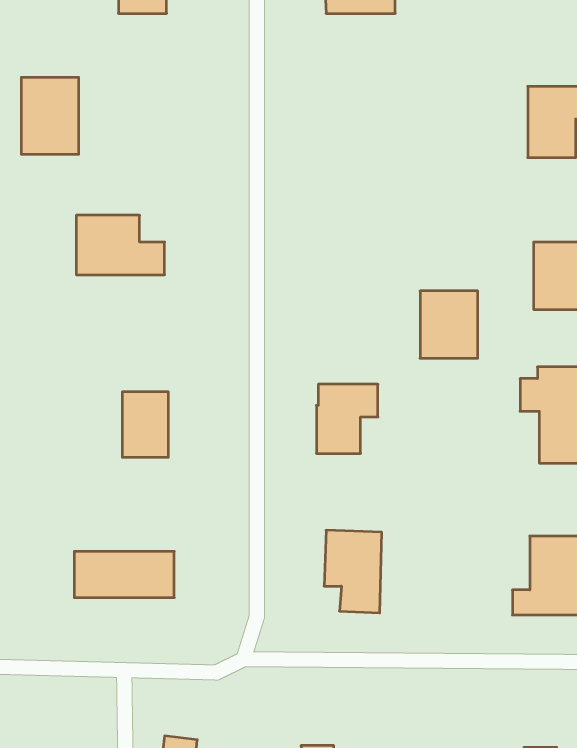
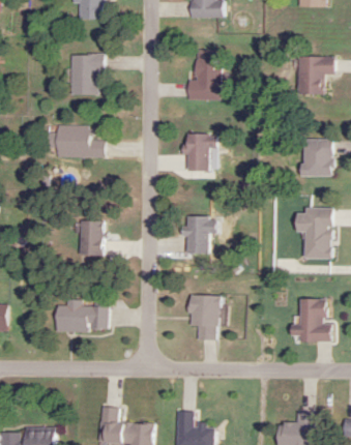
building: none -> [193,50,221,98]
building: [21,77,79,154] -> [69,53,100,94]
building: [420,291,478,358] -> [184,135,215,171]

